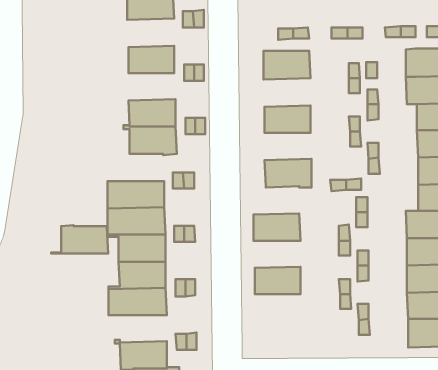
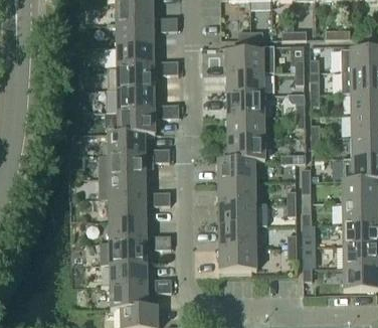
building: none -> [112,21,154,45]
building: none -> [113,65,155,89]
building: none -> [226,70,264,94]
building: none -> [227,115,265,137]
building: none -> [218,158,255,181]
building: [51,225,108,254] -> [100,131,146,154]
building: none -> [218,202,256,224]
building: none -> [219,245,257,269]
building: none -> [110,263,148,285]

